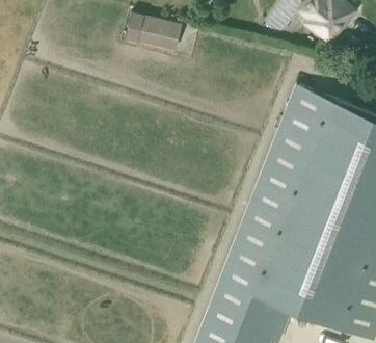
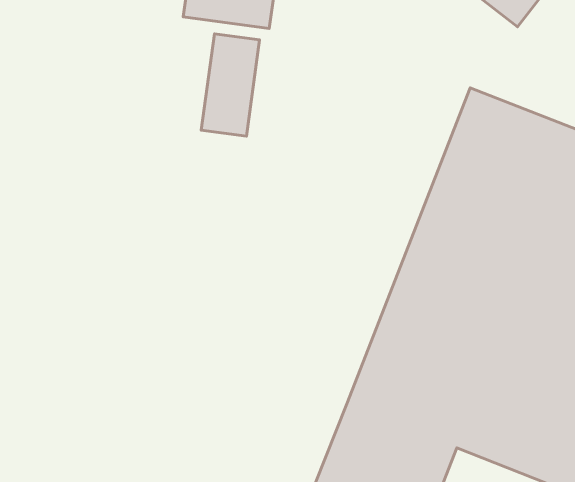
building: none -> [201,34,260,136]

